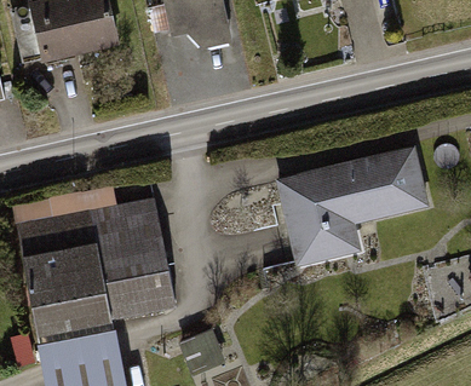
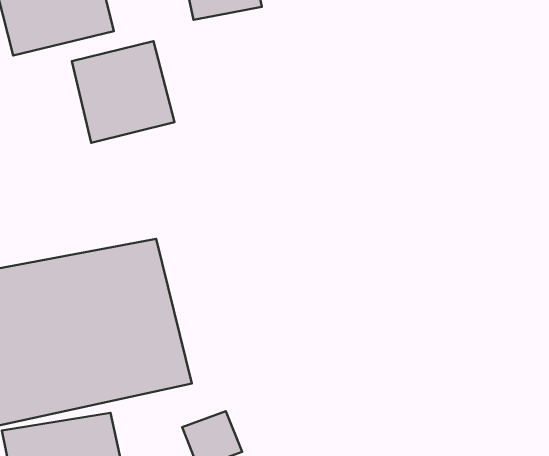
building: none -> [72,41,175,143]
building: [270,148,426,267] -> none

